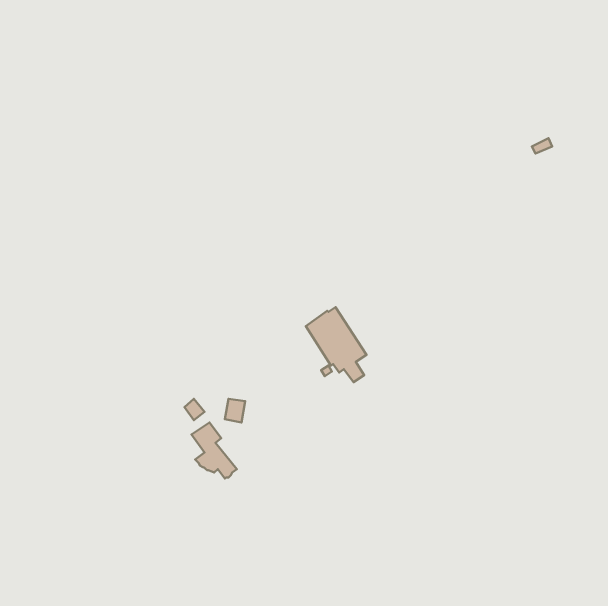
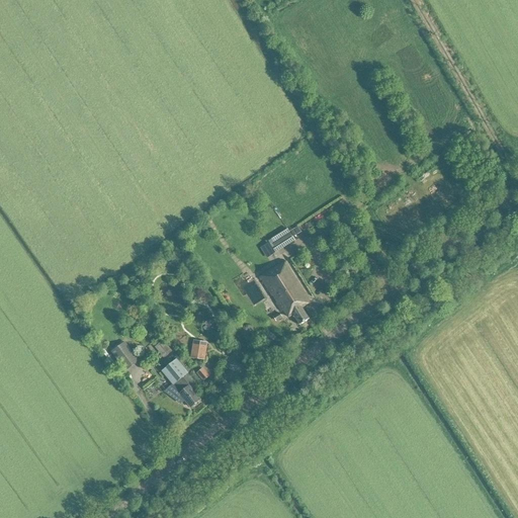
building: none -> [259,226,294,255]
building: none -> [111,340,140,370]

